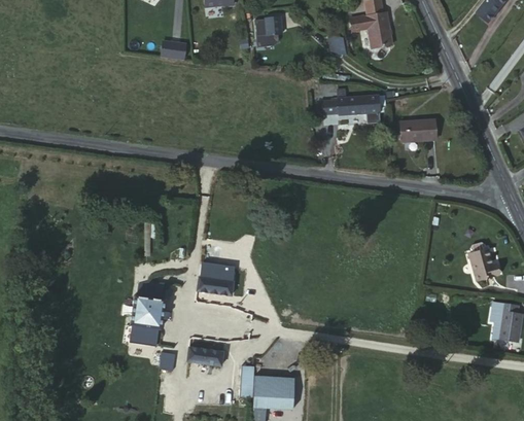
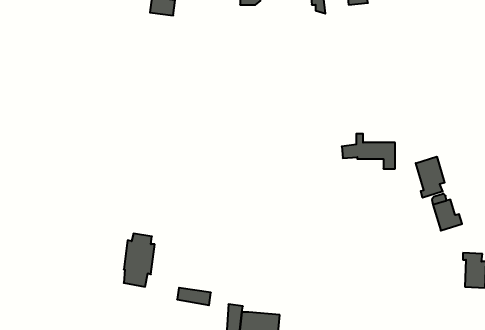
building: [323,85,380,122] -> [342,134,395,169]
building: [403,117,436,140] -> none
building: none -> [416,157,445,198]
building: [199,264,235,295] -> none

